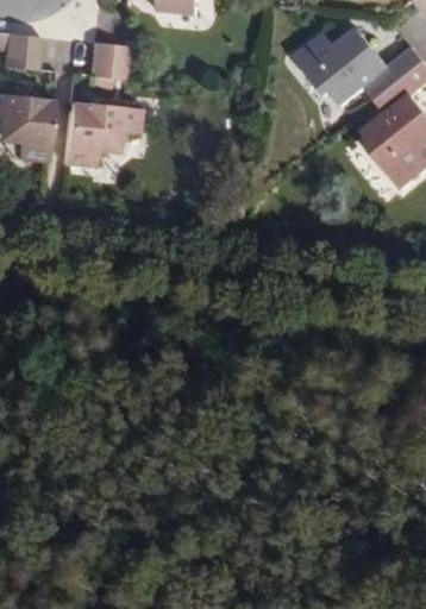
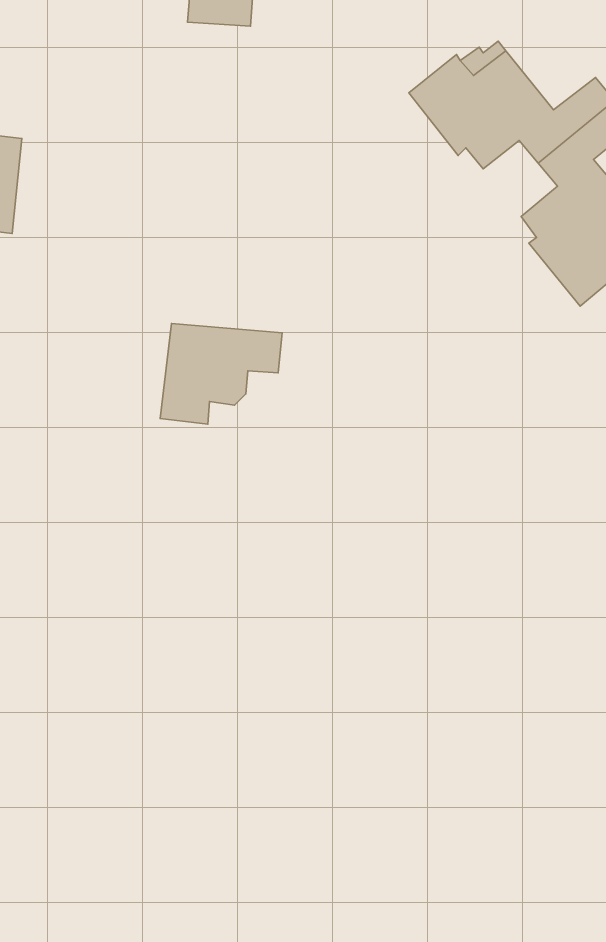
building: [90,44,127,80] -> none
building: [65,90,142,153] -> [160,323,282,424]

